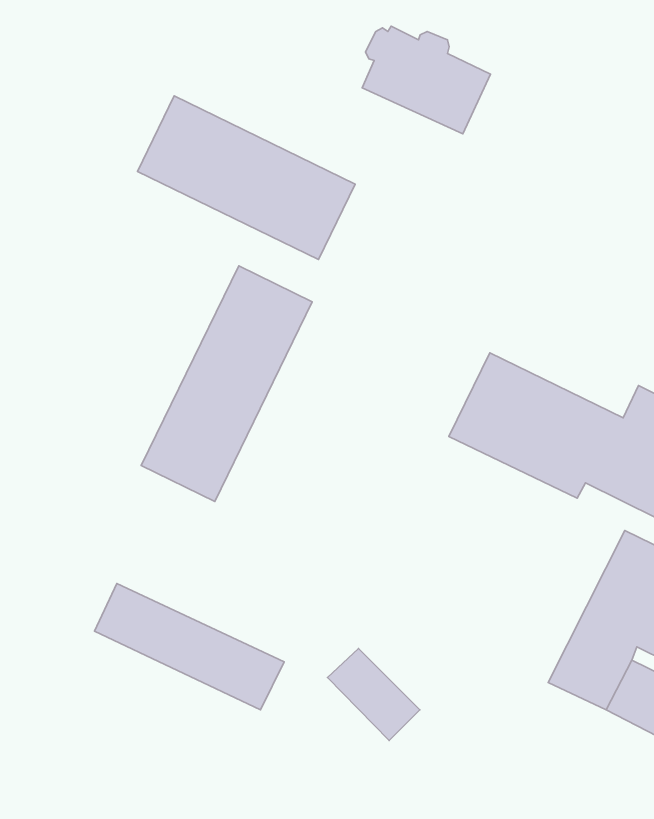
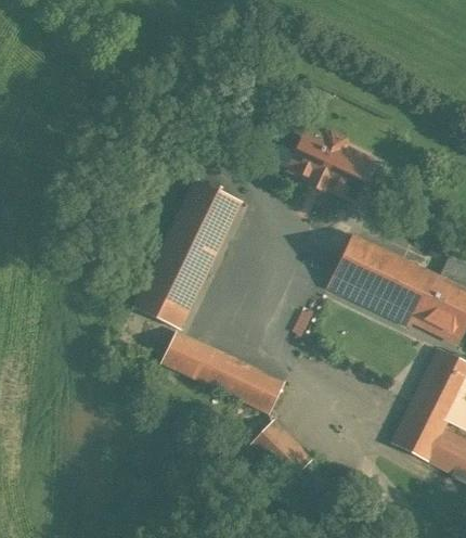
building: [362,26,490,134] -> [290,130,372,198]
building: [137,96,355,260] -> none
building: [95,583,284,710] -> [164,332,284,412]

